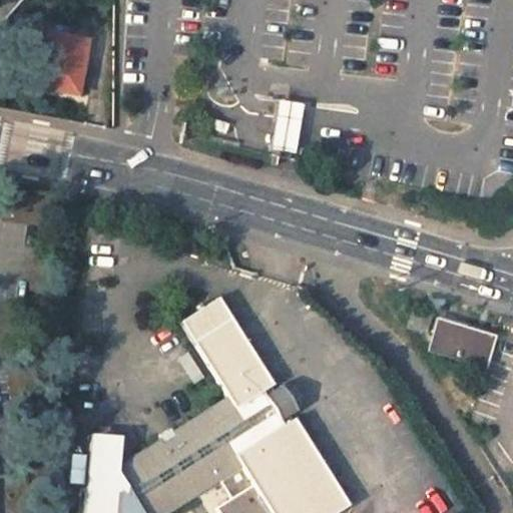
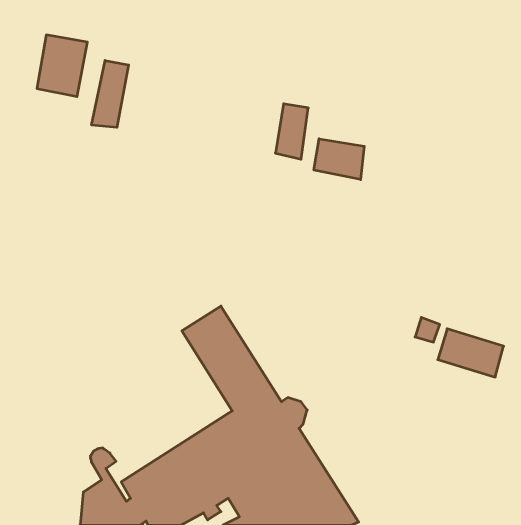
building: none -> [92,60,129,127]
building: none -> [314,139,364,180]

